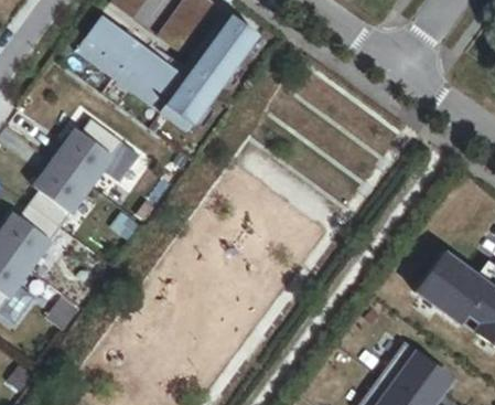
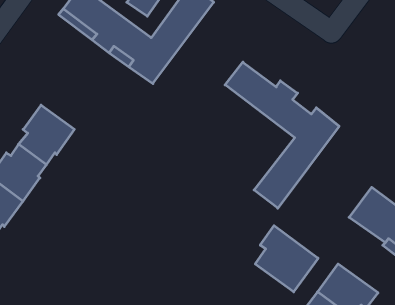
building: none -> [225,62,339,208]
building: [55,118,122,185] -> none
building: none -> [255,226,318,292]

